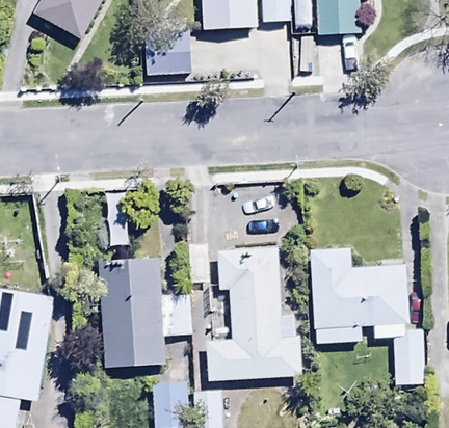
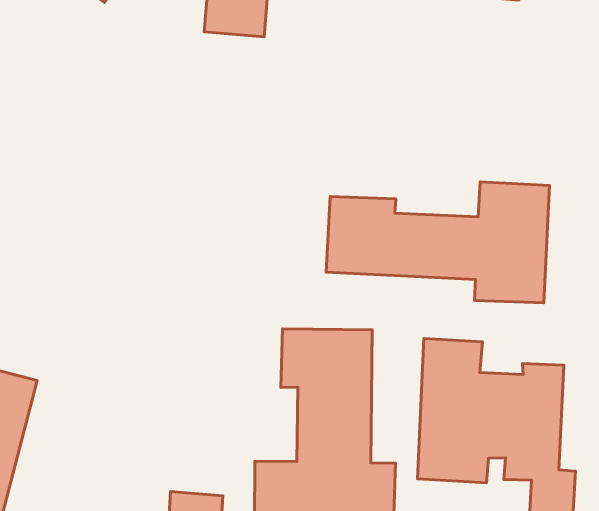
building: none -> [326,182,549,303]
building: [98,242,165,353] -> none

